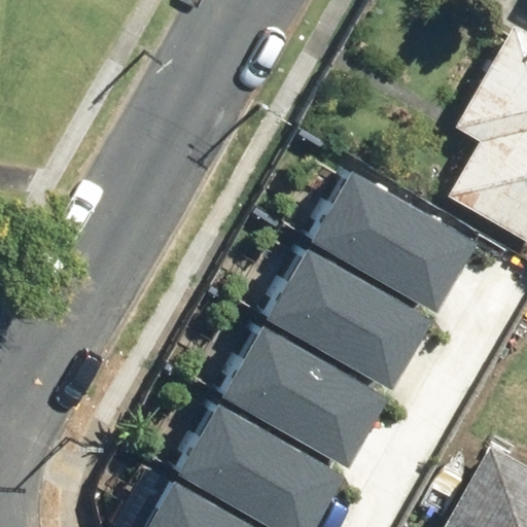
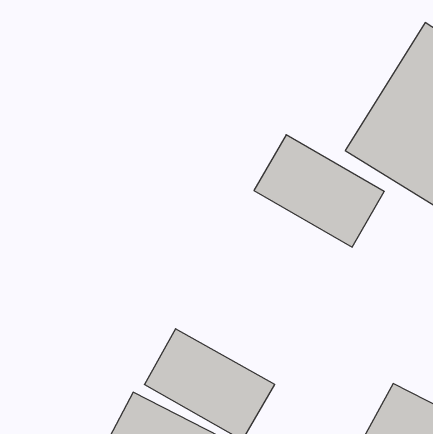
building: [272,250,426,382] -> none
building: [225,328,380,460] -> none

